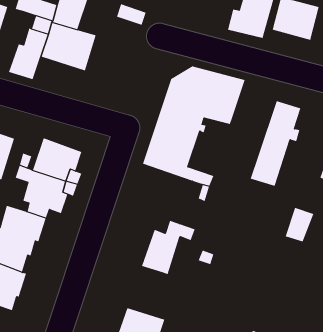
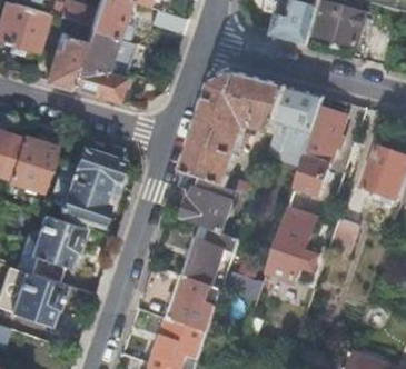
building: none -> [71,64,125,101]
building: none -> [266,88,324,166]
building: none -> [177,173,234,235]
building: none -> [264,207,316,281]
building: none -> [167,277,215,332]

